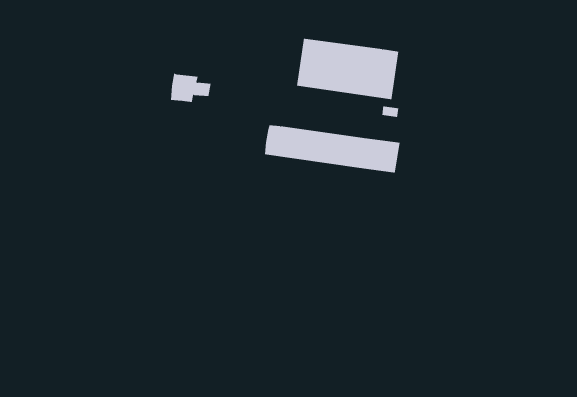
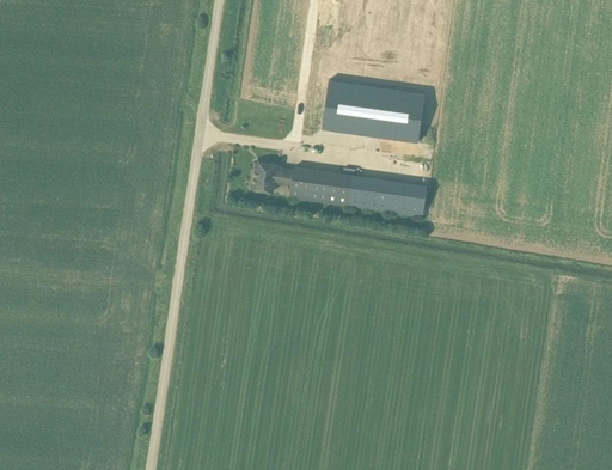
building: [170,73,212,102] -> [251,161,293,191]

